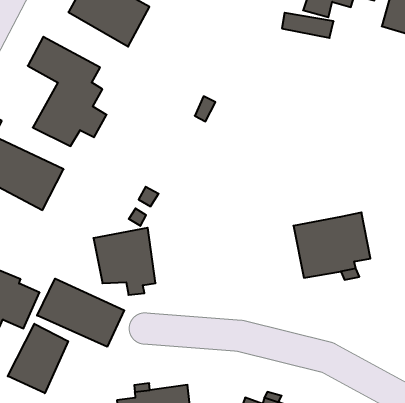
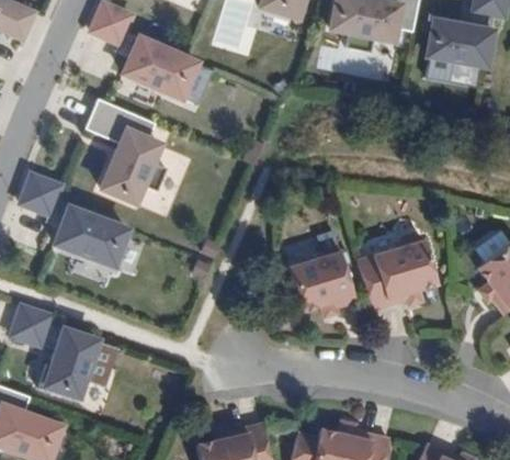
building: [93,228,156,295] -> [284,249,349,316]
building: [37,279,124,347] -> none
building: [8,324,68,393] -> none

